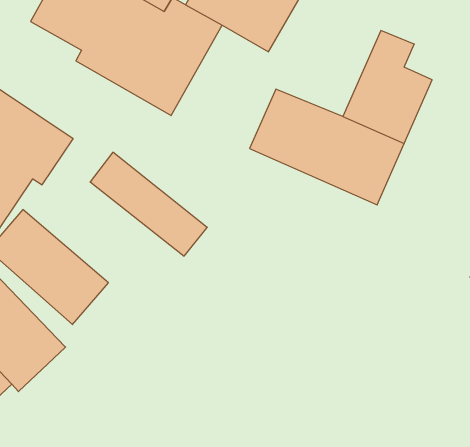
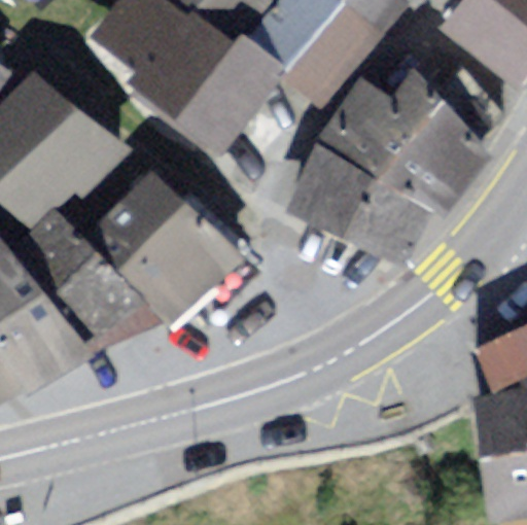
building: none -> [323,78,433,174]
building: none -> [93,196,208,315]

